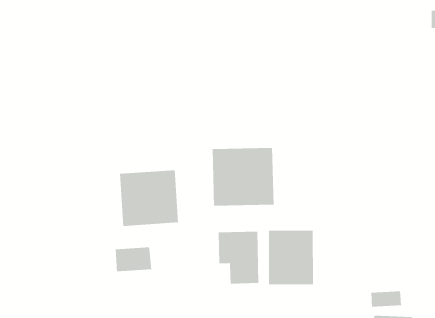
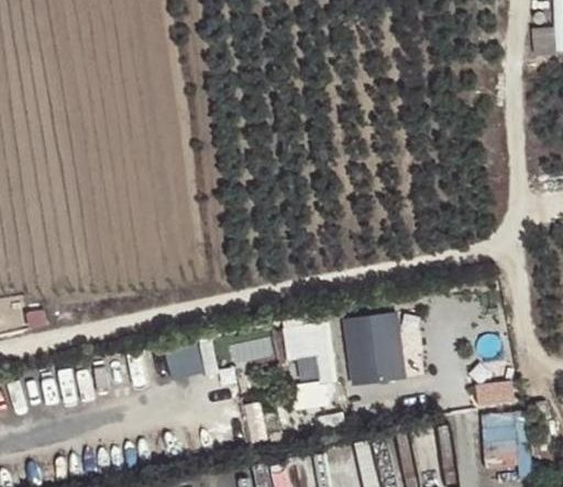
building: [212,147,274,207] -> none
building: [119,170,179,227] -> none

